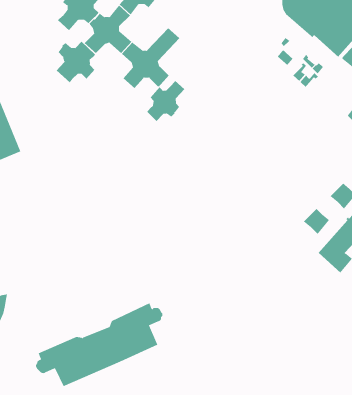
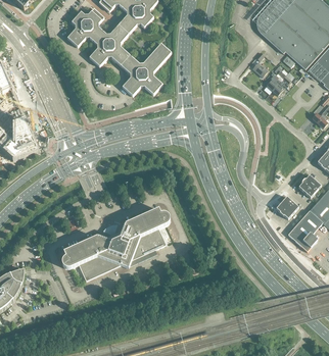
building: [56,41,96,83] -> none
building: [146,80,185,122] -> none
building: [35,303,163,387] -> [61,208,170,279]

